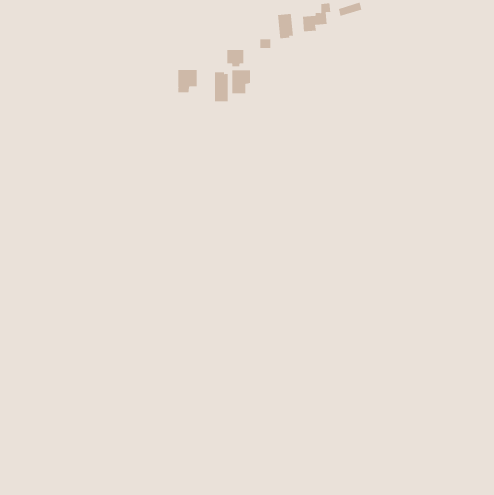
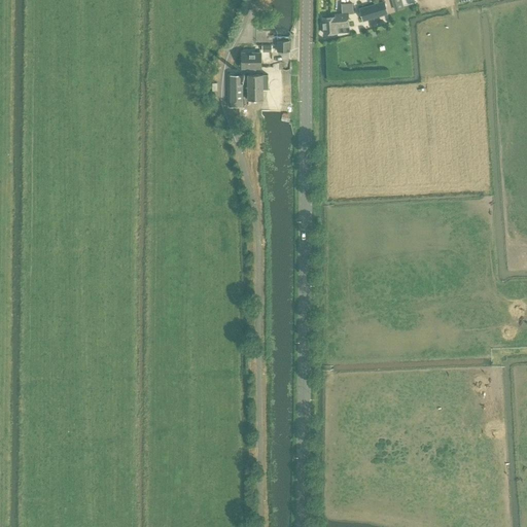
building: [277,13,293,39] -> none
building: [178,69,197,93] -> none

